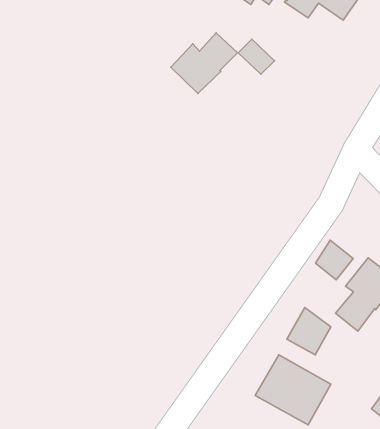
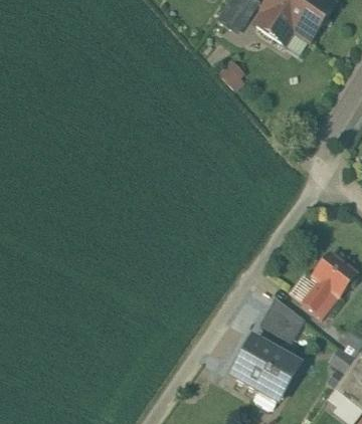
building: [171,33,238,94] -> none
building: [316,240,353,280] -> none

